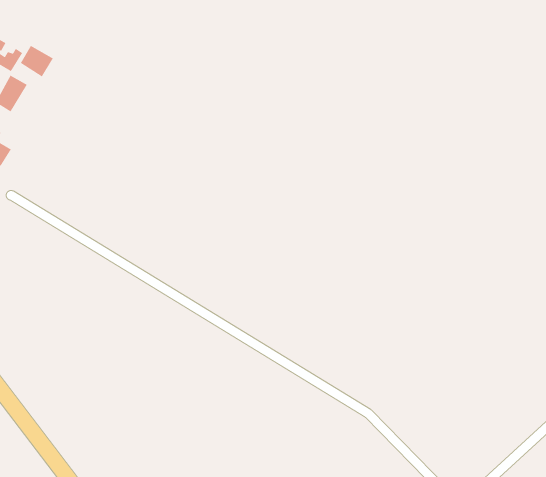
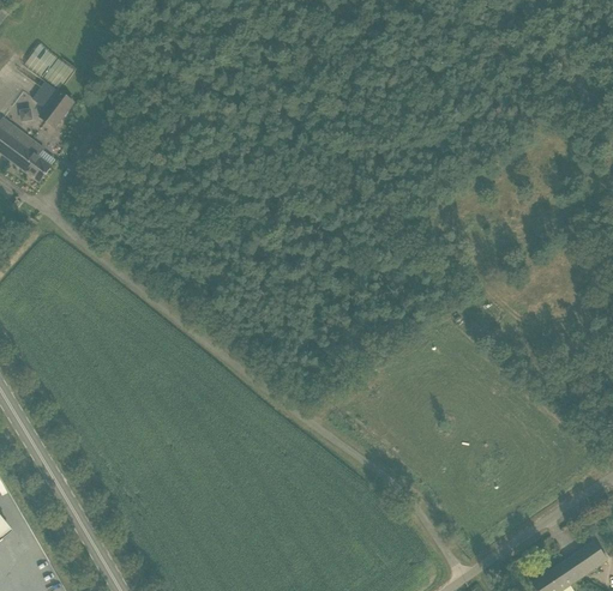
building: [20,45,54,77] -> none

